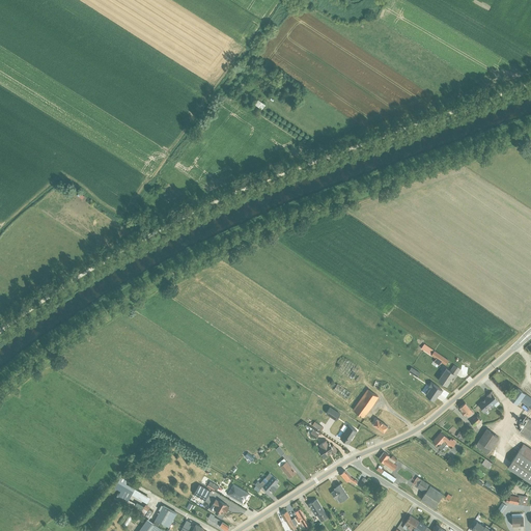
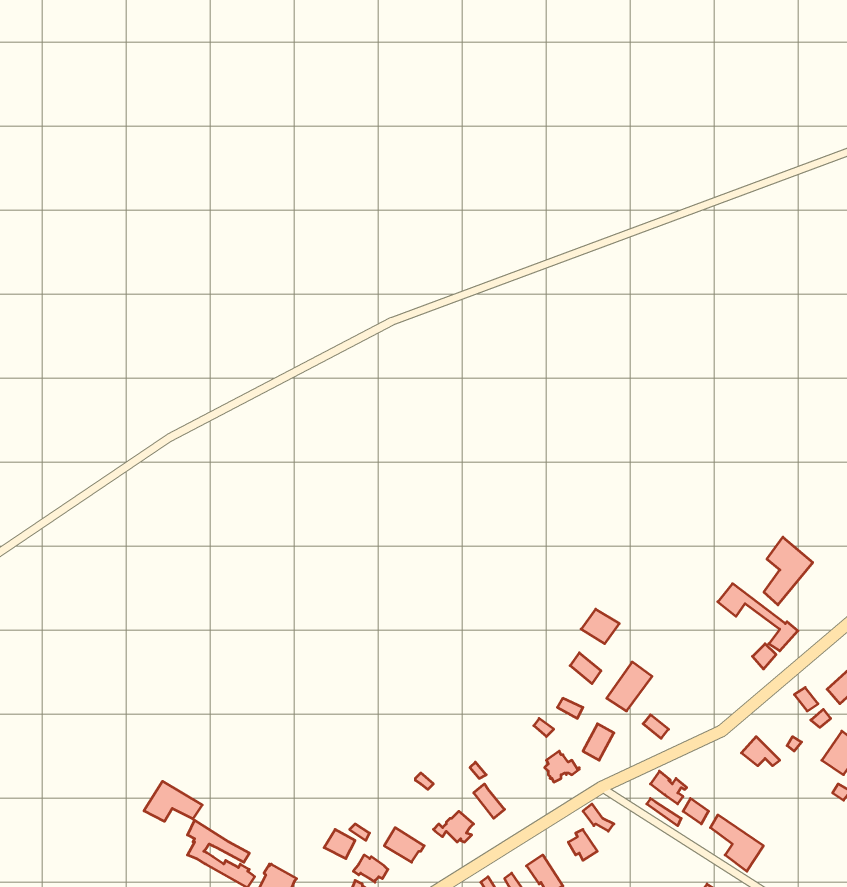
building: none -> [764,537,813,605]
building: none -> [144,781,202,821]

